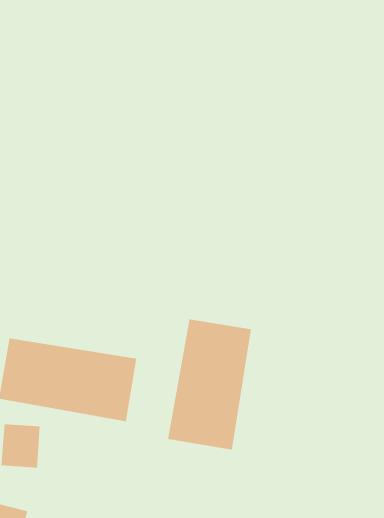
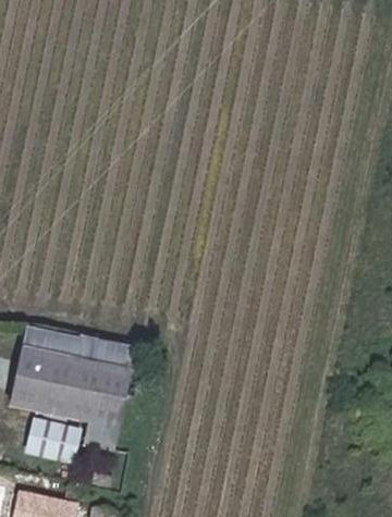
building: [167,318,252,451] -> none

